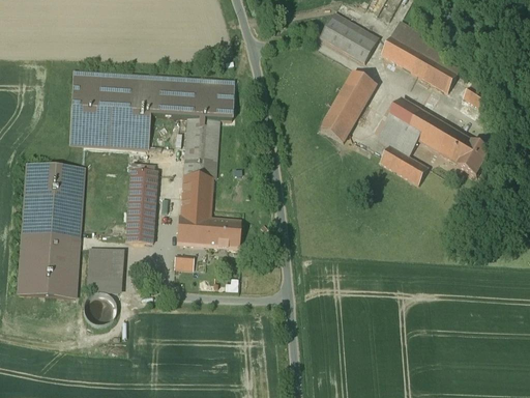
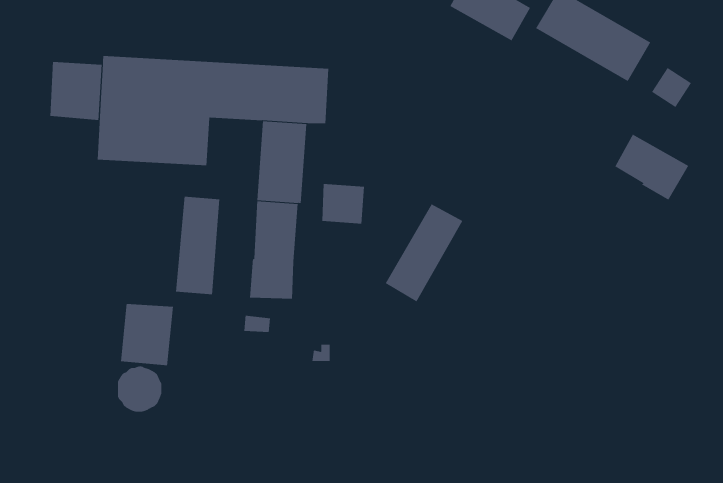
building: [321,70,377,141] -> [385,203,463,302]
building: none -> [50,61,102,121]
building: [378,97,451,183] -> none
building: [18,165,84,298] -> none
building: [209,219,240,248] -> [321,183,365,224]

